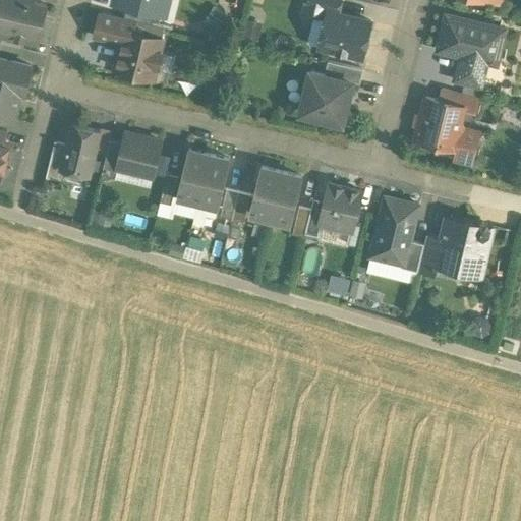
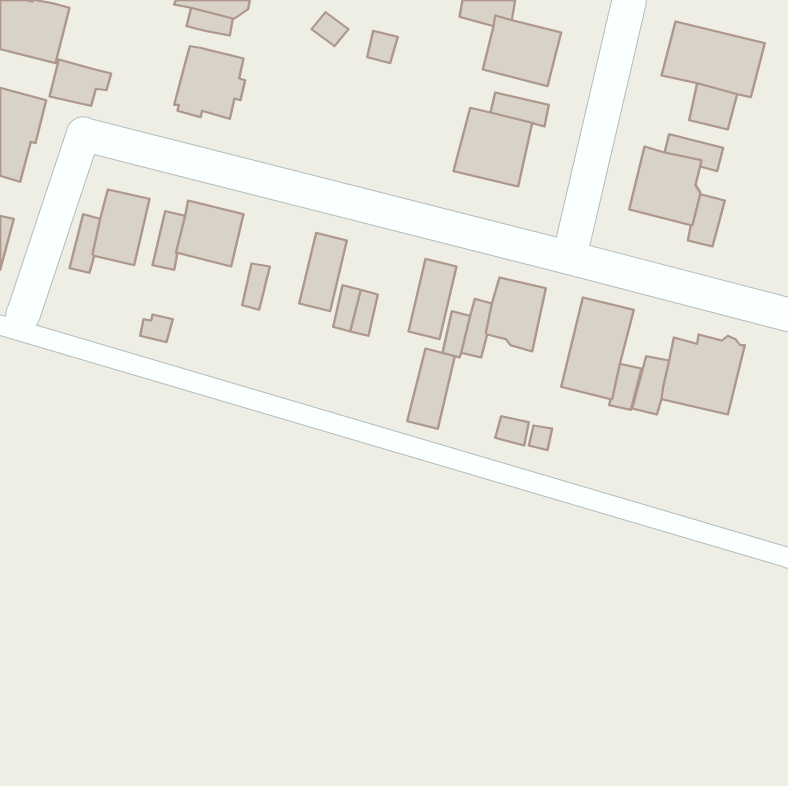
building: [95,12,135,43] -> [49,59,111,106]
building: [177,150,209,201] -> none
building: [249,167,281,220] -> [407,349,455,429]

